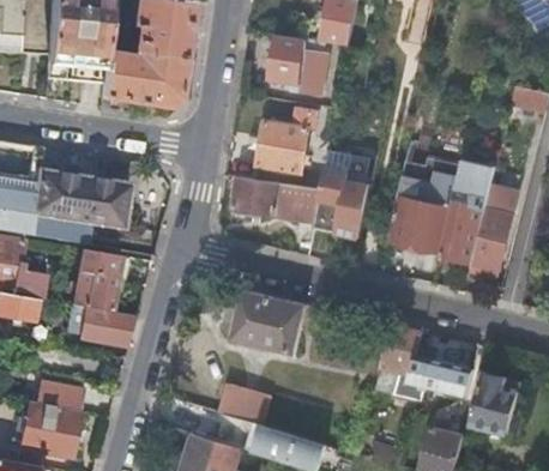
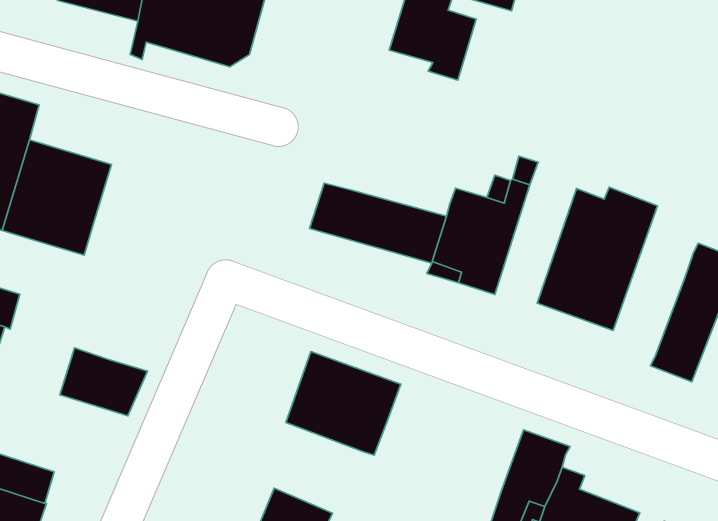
building: [255,108,322,188] -> none
building: [440,158,495,264] -> none
building: [88,181,129,227] -> none
building: [71,249,127,310] -> none

